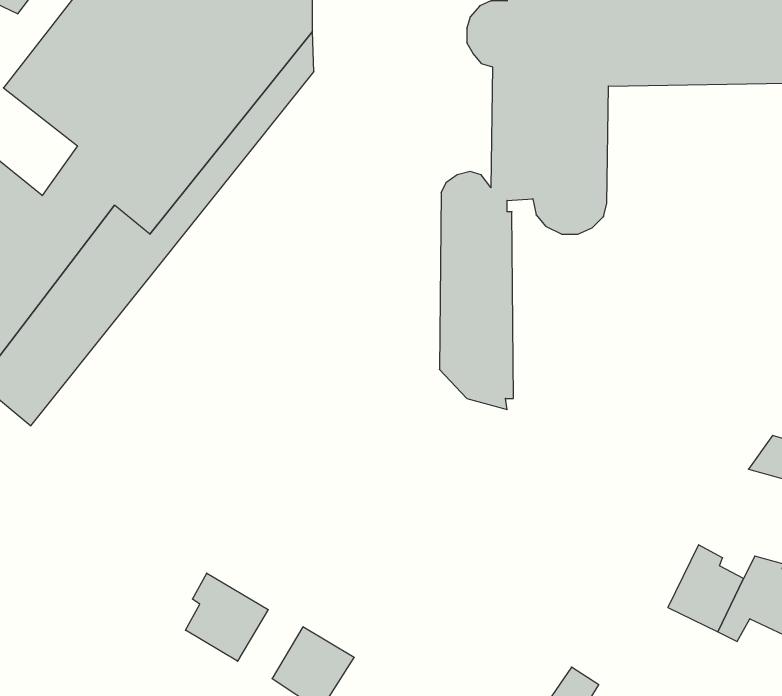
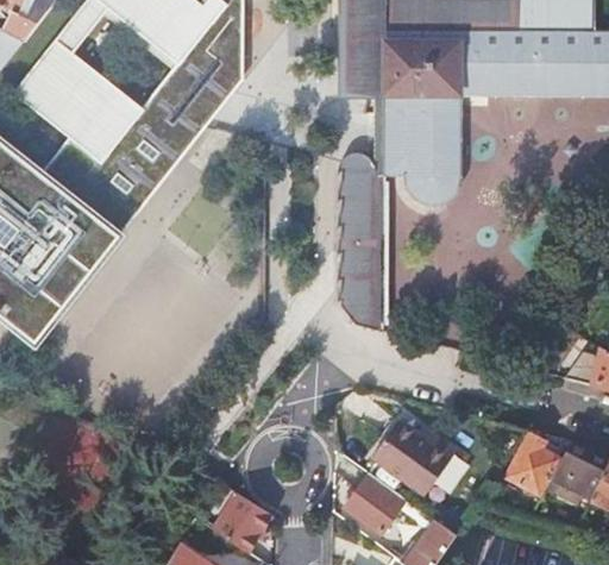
building: none -> [371,421,456,496]
building: [185,573,268,661] -> none
building: none -> [345,473,426,534]

